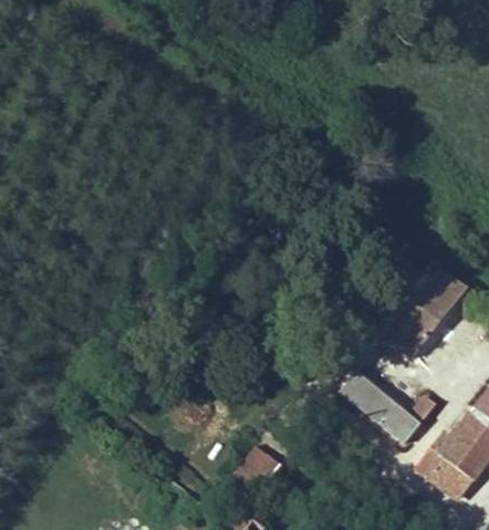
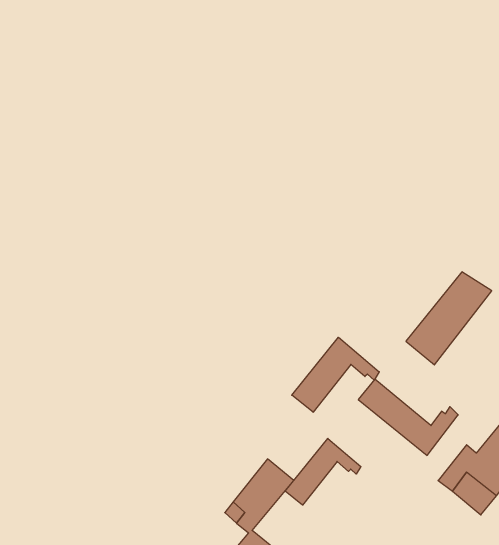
building: none -> [292,337,379,412]
building: none -> [285,438,361,505]

